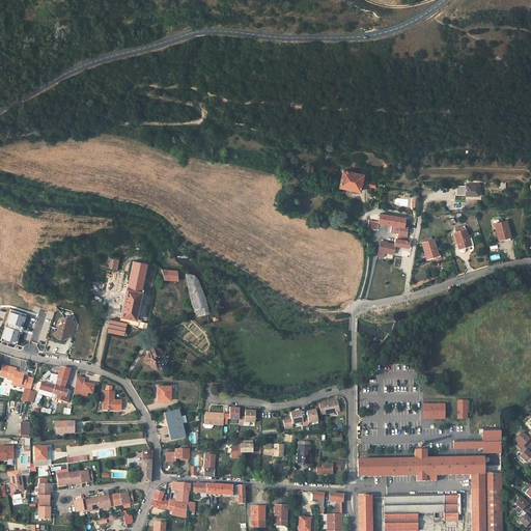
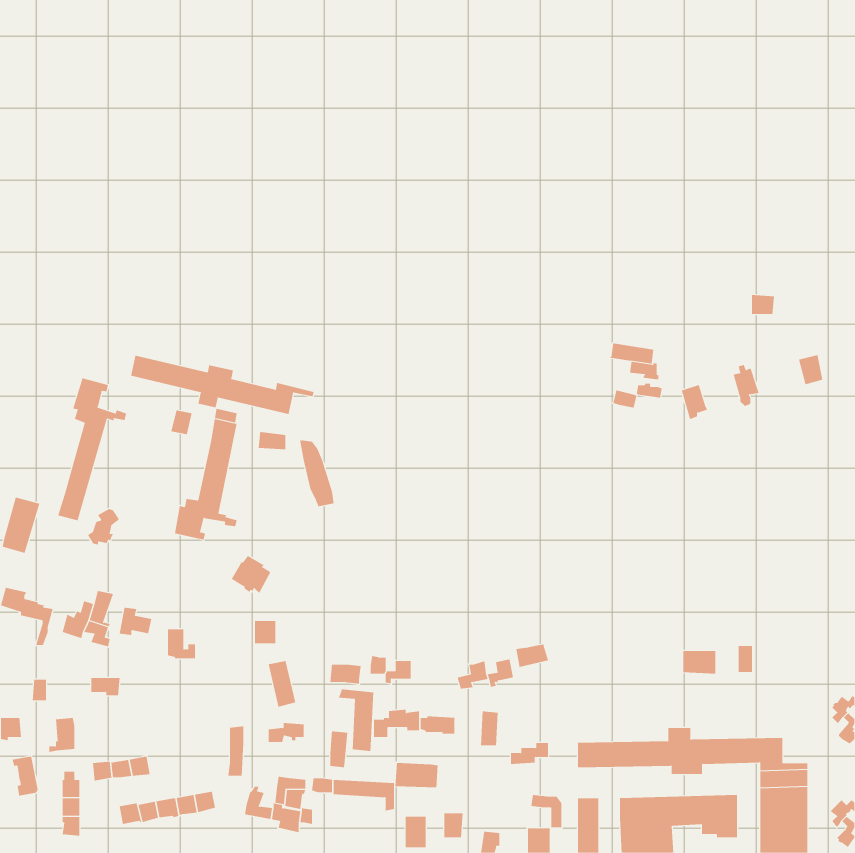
building: [339,162,363,191] -> none
building: none -> [131,355,314,415]
building: none -> [57,377,127,522]
building: none -> [338,689,374,752]
building: [456,431,500,452] -> none
building: none -> [395,762,438,788]

